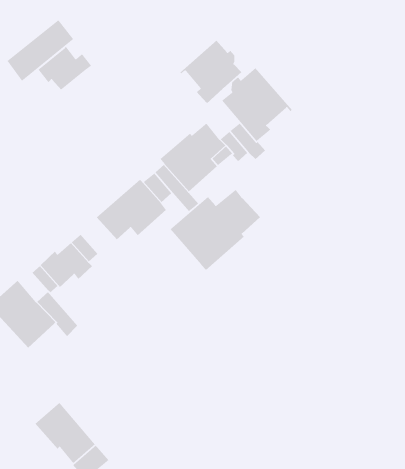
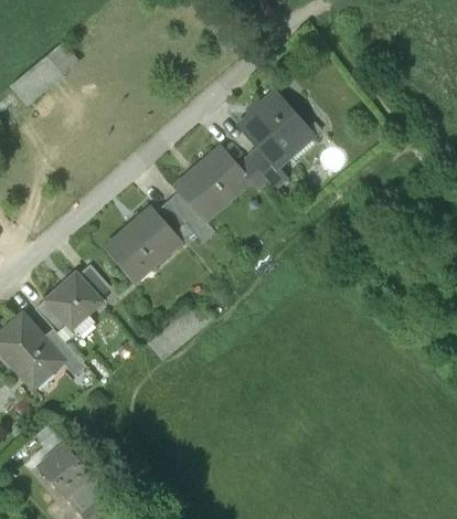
building: [179,40,242,104] -> none
building: [38,46,92,91] -> none
building: [170,189,261,271] -> none

